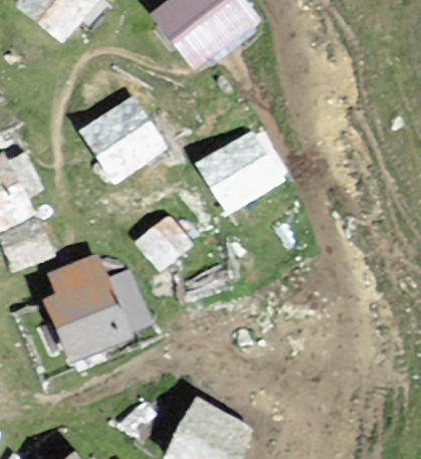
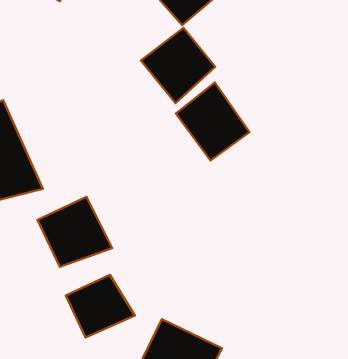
building: [77,102,162,188] -> [141,28,215,103]
building: none -> [66,275,135,337]

